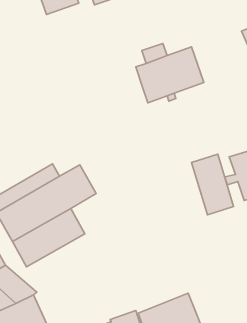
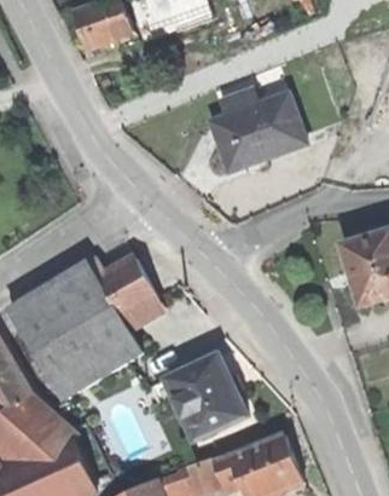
building: [192,154,234,215] -> none
building: none -> [164,353,245,438]

